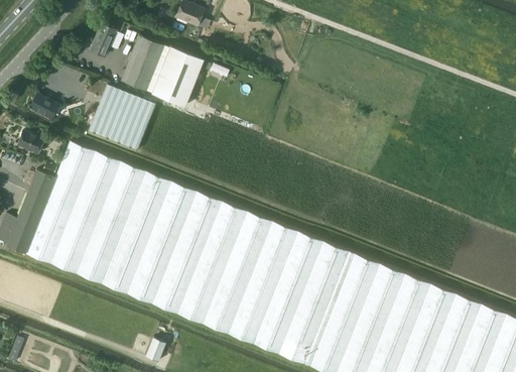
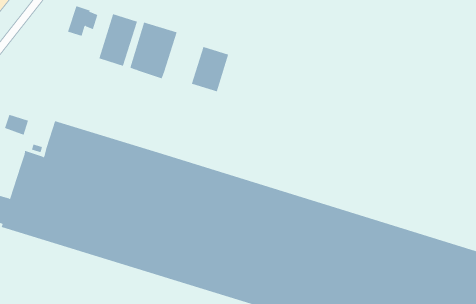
building: none -> [191,46,229,92]
building: [90,84,156,149] -> none
building: [30,94,59,119] -> none

